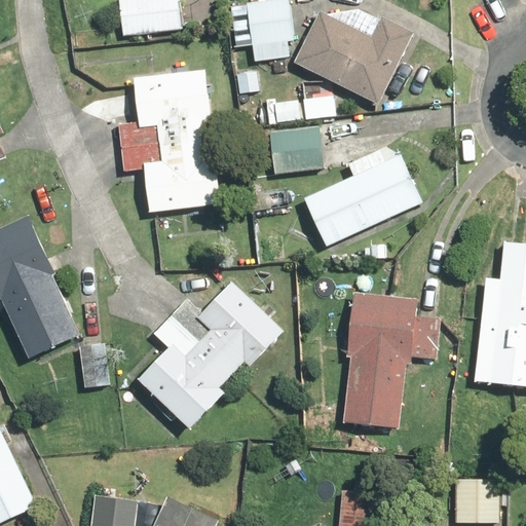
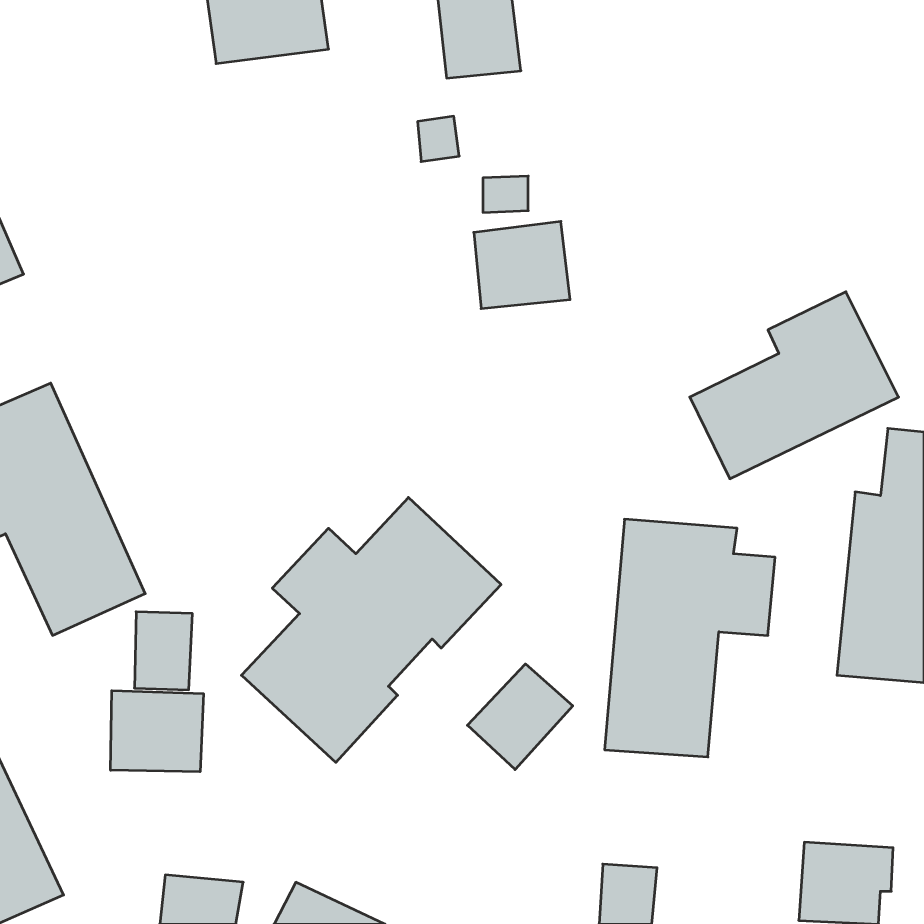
building: [294,12,411,104] -> none
building: [116,71,222,213] -> none
building: [303,142,421,248] -> [690,292,899,479]
building: none -> [467,664,573,770]
building: none -> [111,691,203,772]

